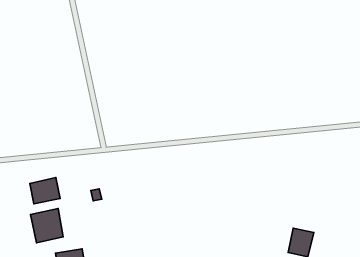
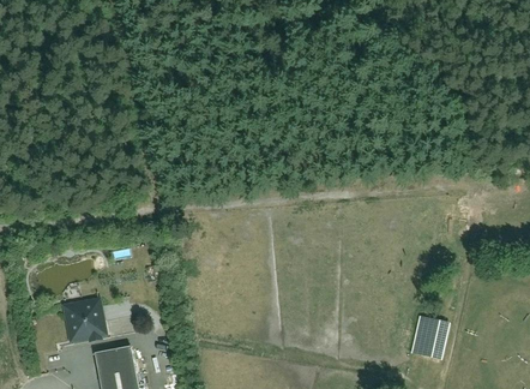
building: [30,177,60,204] -> none

